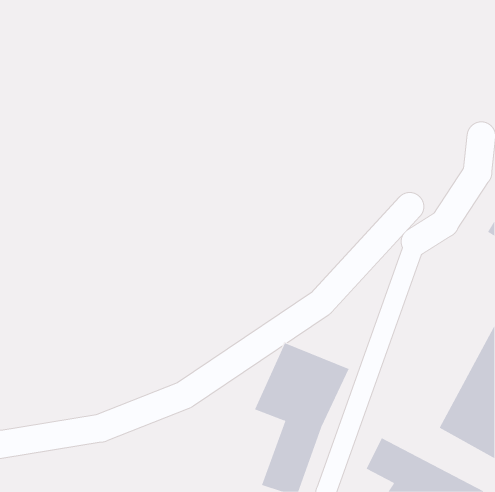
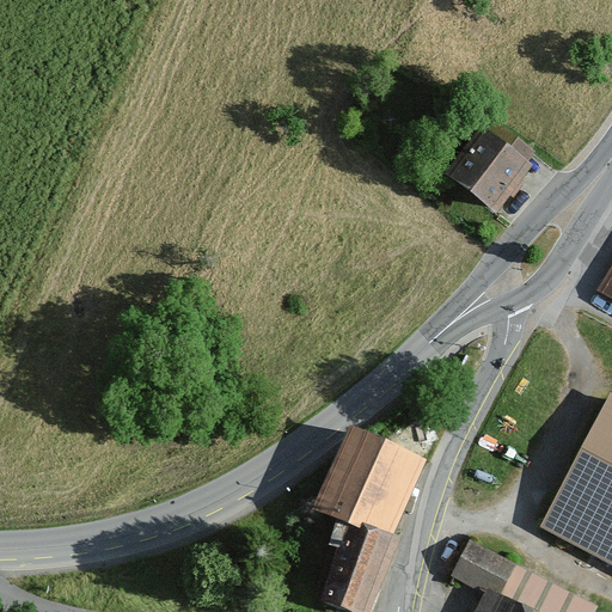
building: none -> [448,126,533,219]

